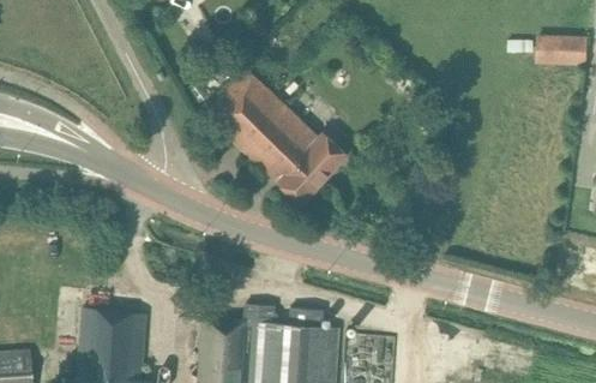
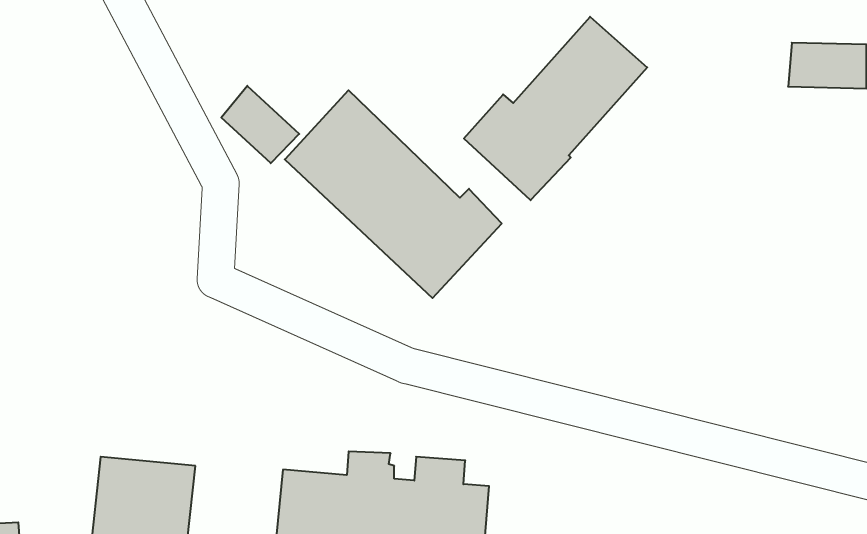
building: none -> [464,17,647,200]
building: none -> [221,86,299,163]

